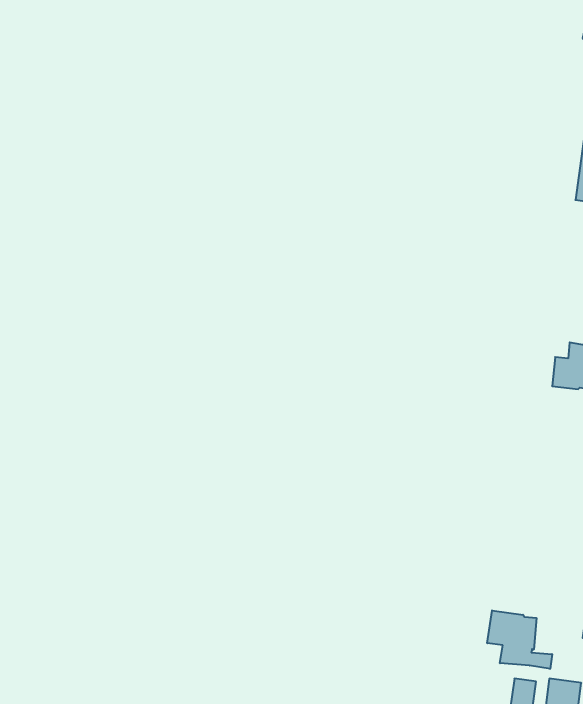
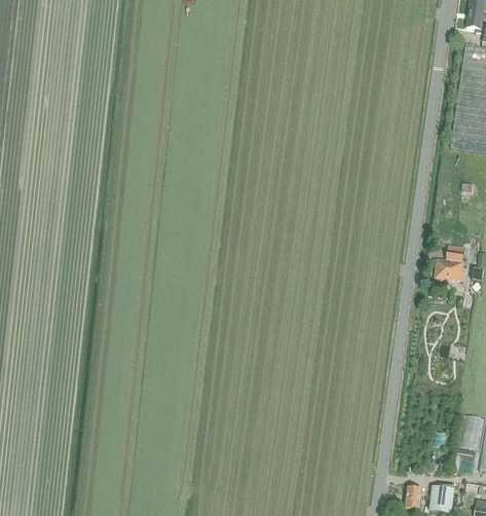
building: [487,610,552,669] -> none

